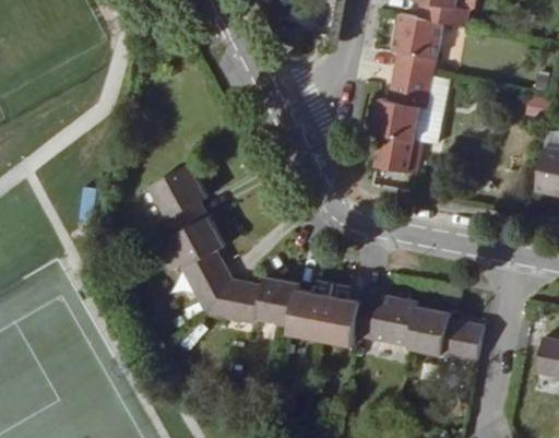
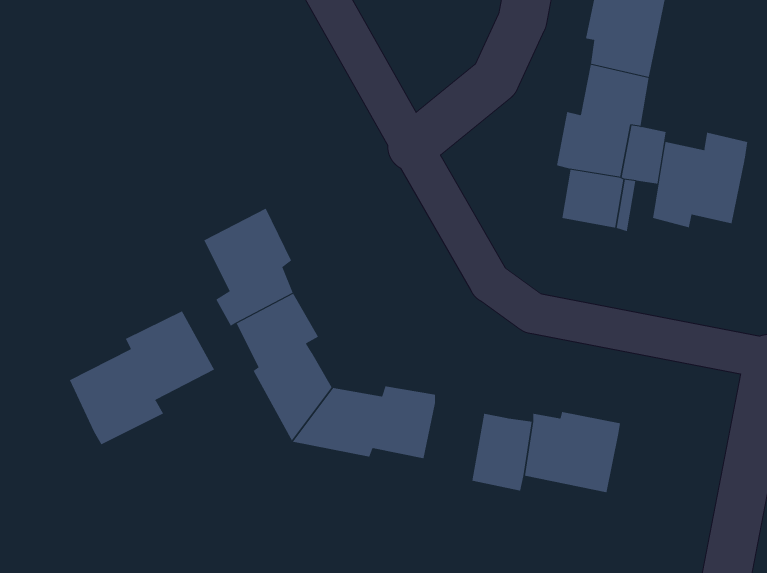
building: none -> [652,132,748,228]
building: none -> [69,311,215,445]
building: [288,288,328,339] -> none
building: [407,308,479,362] -> none

